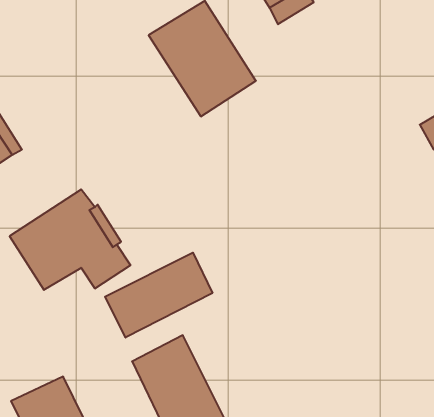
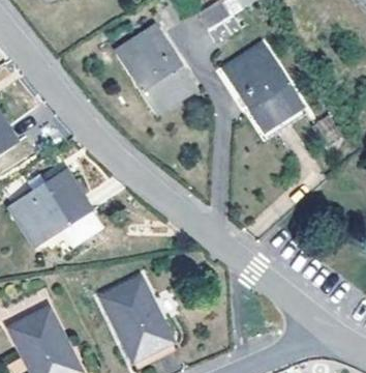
building: none -> [222,42,303,128]
building: [105,253,212,338] -> none

